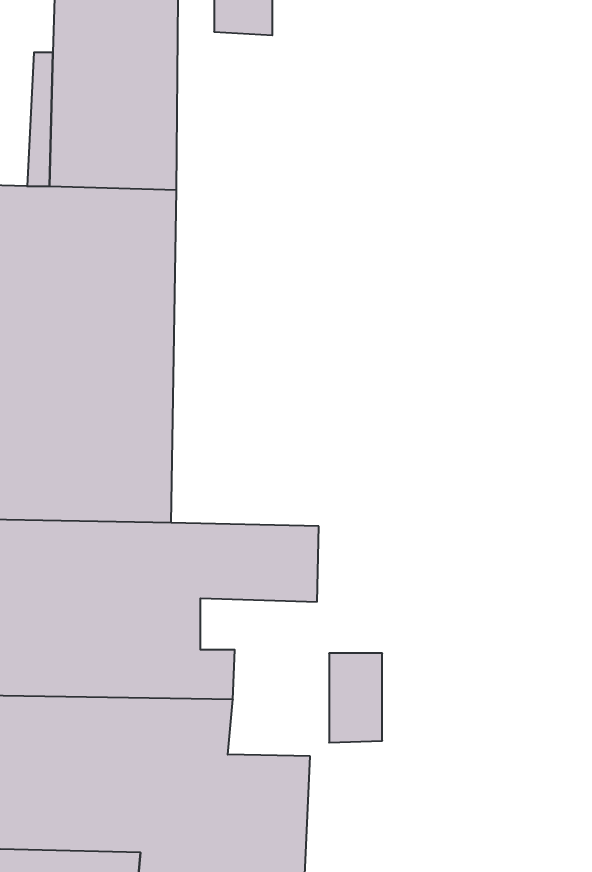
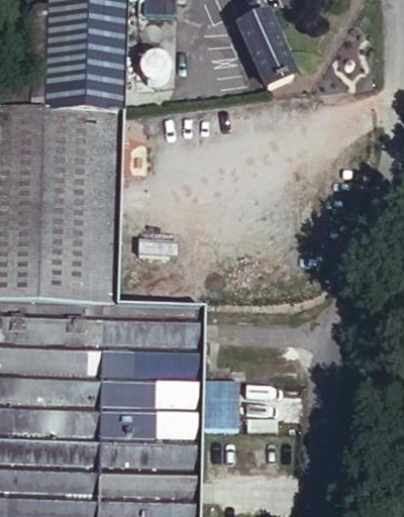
building: none -> [237,17,291,90]
building: none -> [133,353,202,446]

